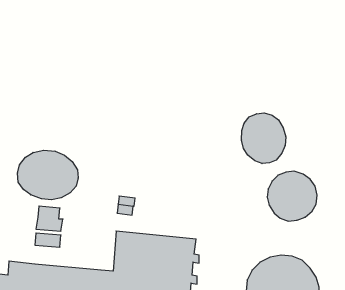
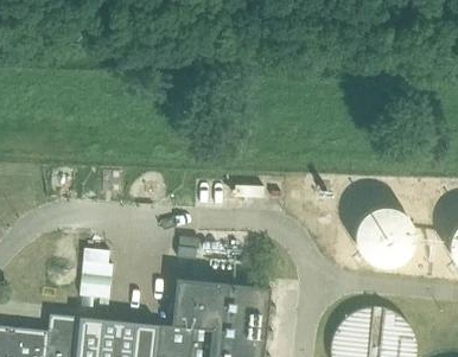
building: [242,113,286,164] -> none
building: [18,150,78,200] -> none

